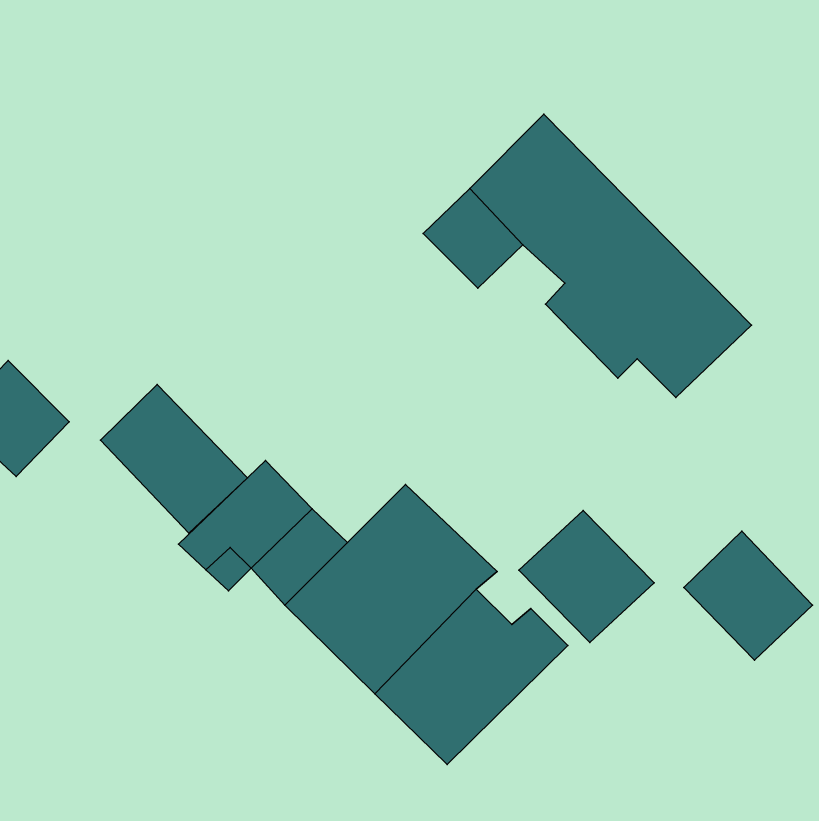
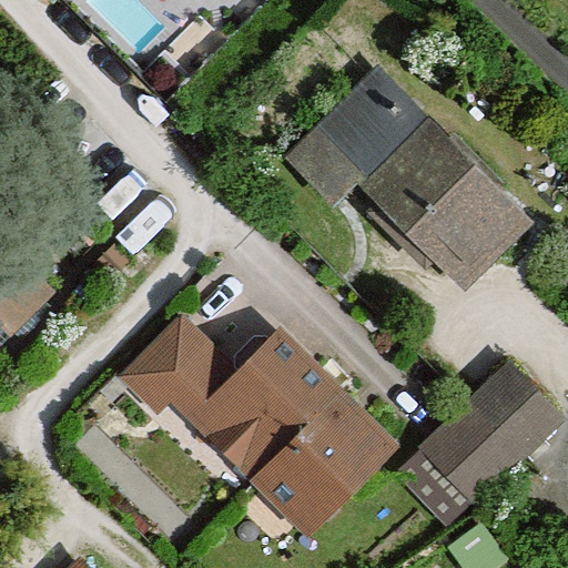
building: [101,385,247,533] -> none
building: [519,511,654,643] -> [427,405,520,496]

